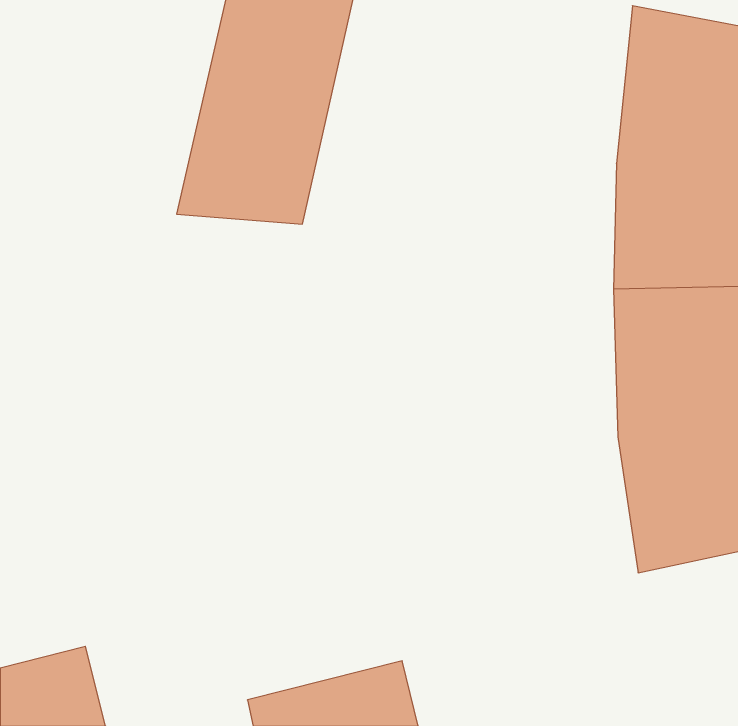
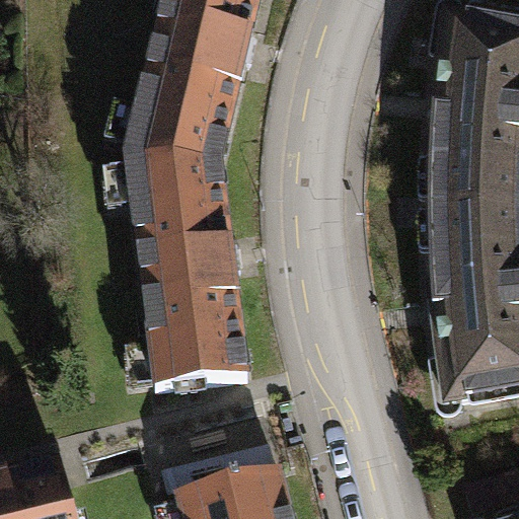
building: none -> [125,150,237,382]

